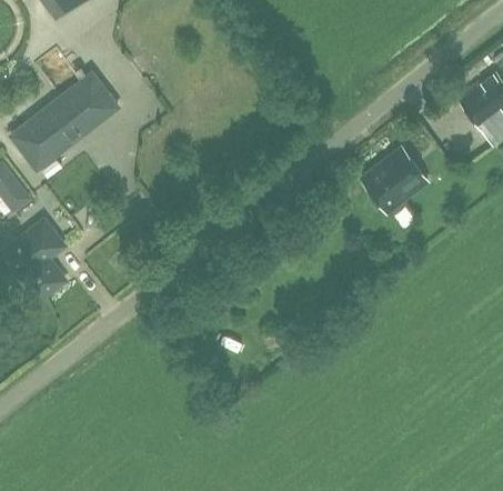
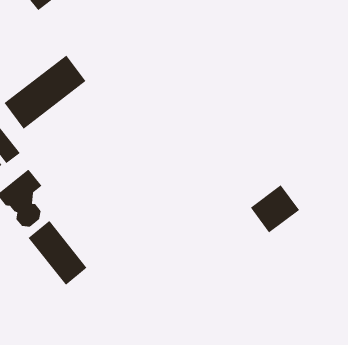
building: [363,149,427,212] -> [250,184,300,234]
building: none -> [28,220,88,286]

